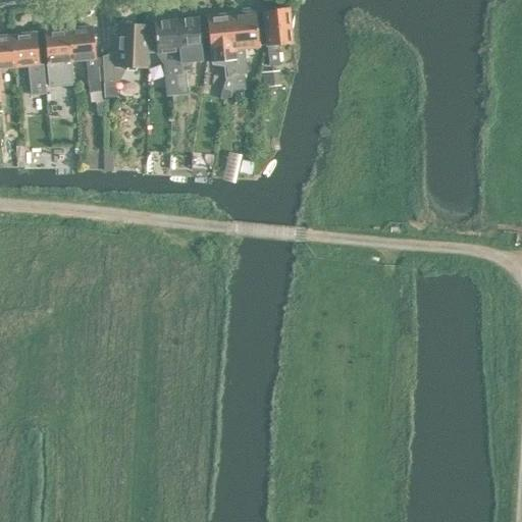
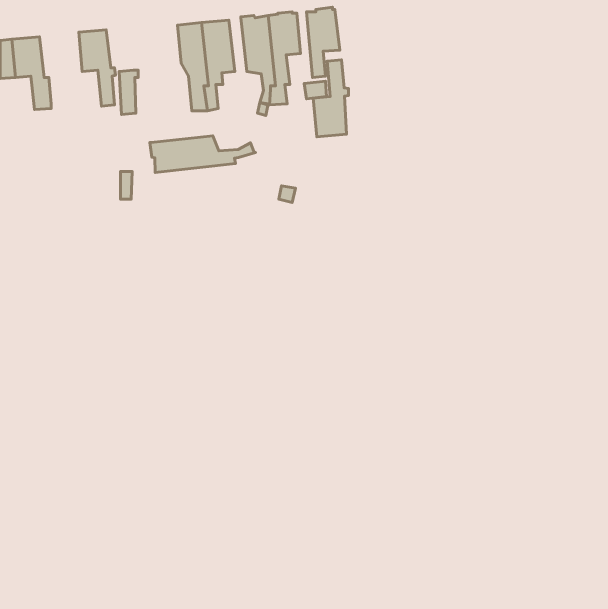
building: [119,22,148,66] -> none
building: [43,28,73,86] -> none
building: none -> [313,60,348,137]
building: none -> [150,136,256,173]

